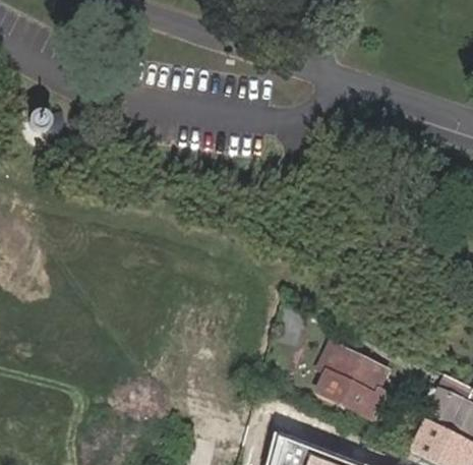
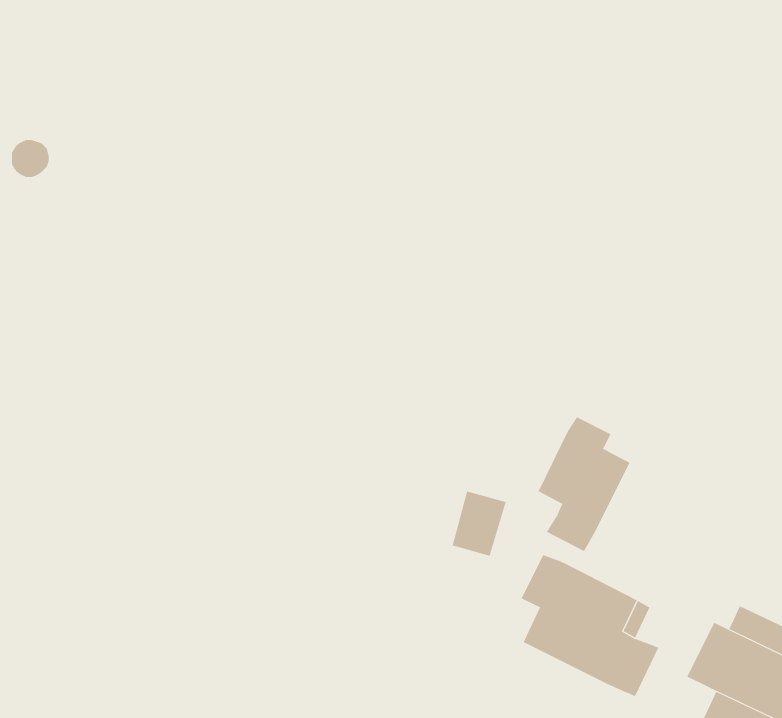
building: none -> [538,417,630,552]

